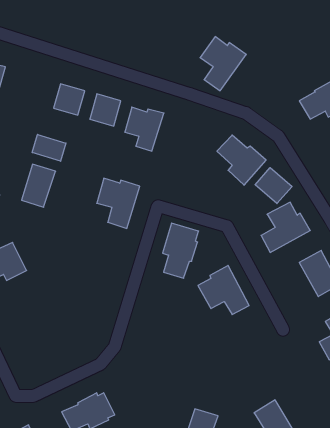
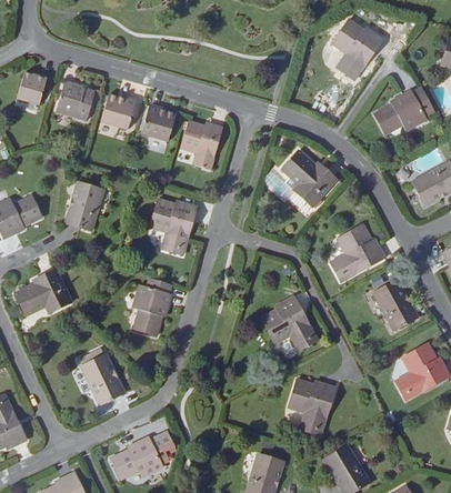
building: [200,37,246,91] -> [332,20,383,80]
building: none -> [56,81,94,120]
building: [32,134,66,161] -> none
building: [255,168,292,204] -> none
building: [163,223,199,278] -> [132,274,172,335]
building: none -> [81,354,123,404]
building: none -> [288,379,335,435]

